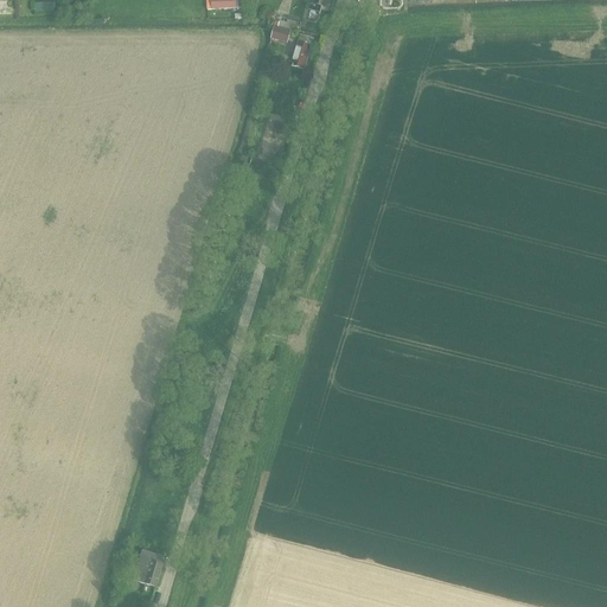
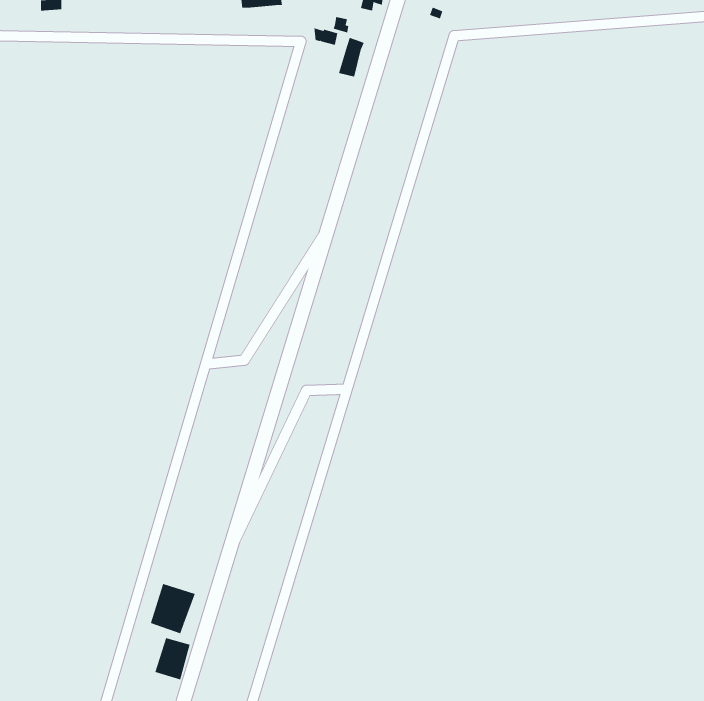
building: none -> [150,583,195,634]

